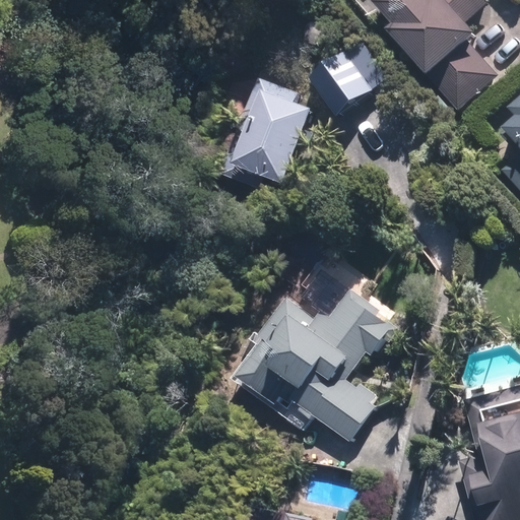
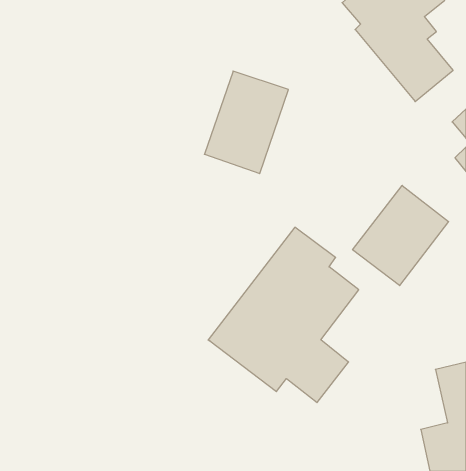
building: [310,50,389,116] -> none
building: none -> [353,185,449,286]

